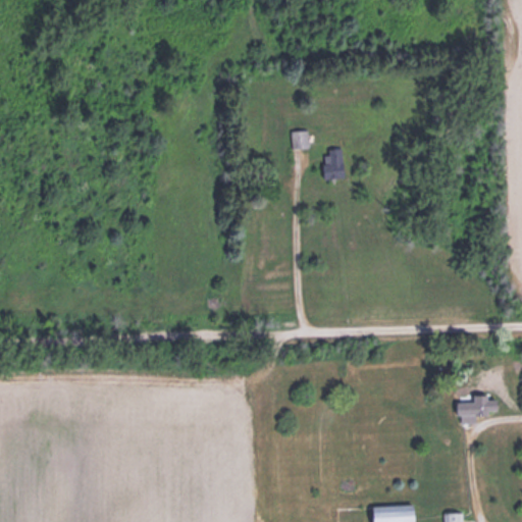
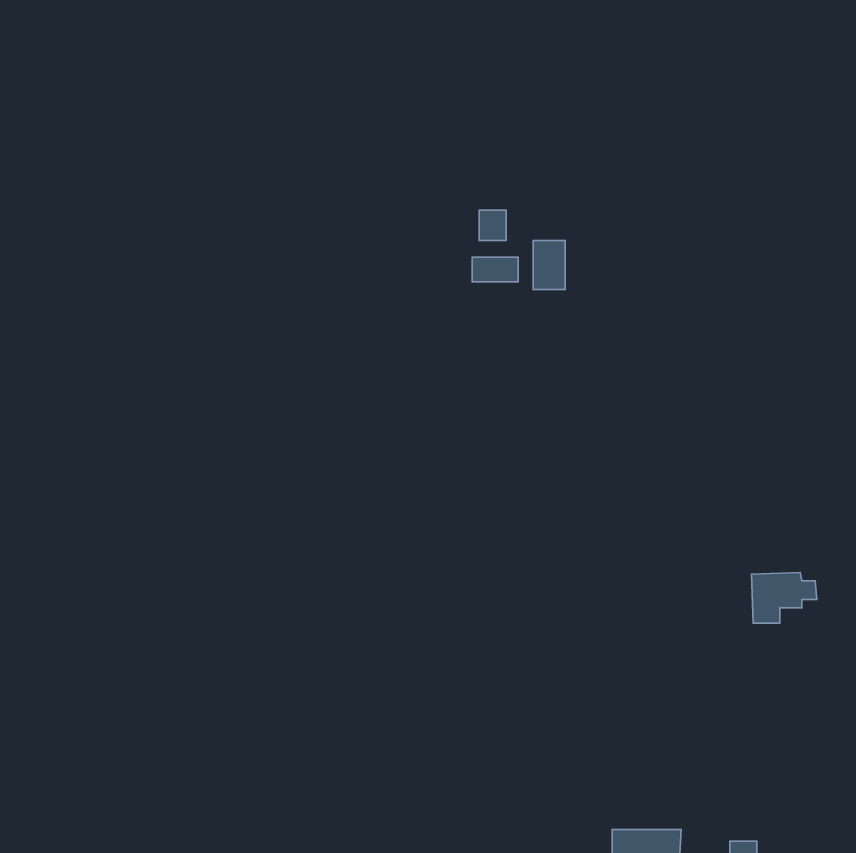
building: none -> [472,257,518,282]
building: [459,396,499,426] -> [751,573,817,623]

